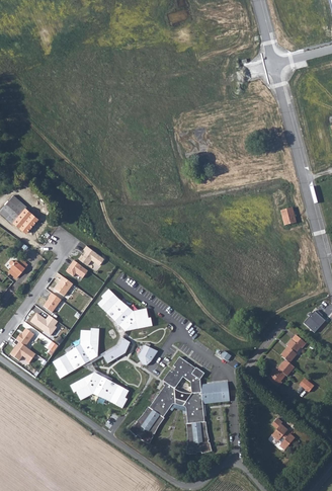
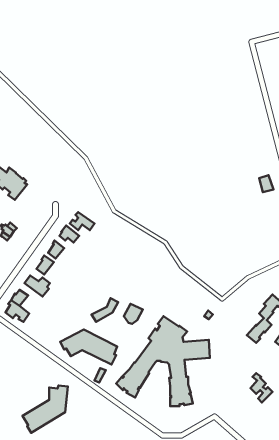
building: [97,288,153,332] -> none
building: [52,328,100,379] -> [23,386,68,433]

